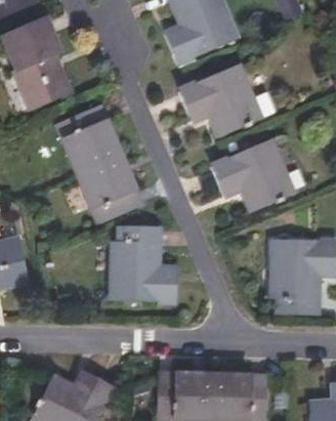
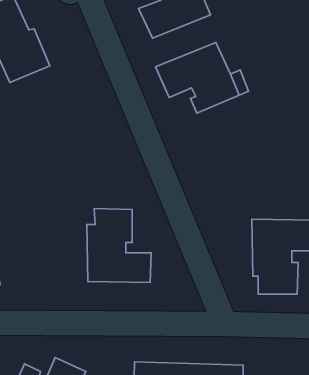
building: [57,109,138,221] -> none
building: [210,139,291,208] -> none

